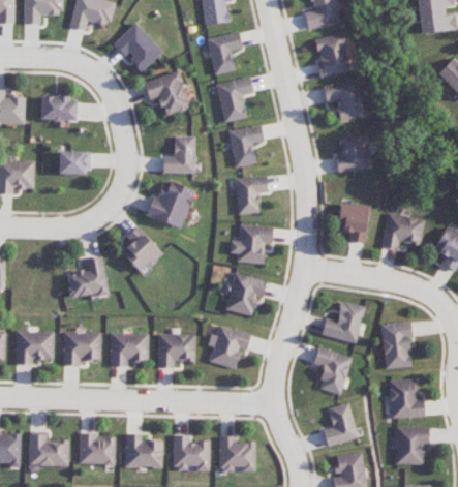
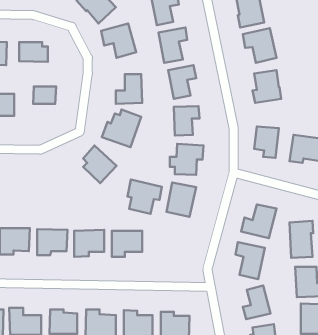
building: [66,256,109,300] -> none
building: [207,325,250,368] -> [128,179,162,214]

